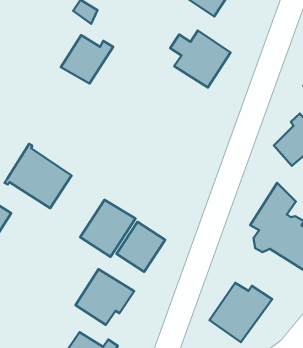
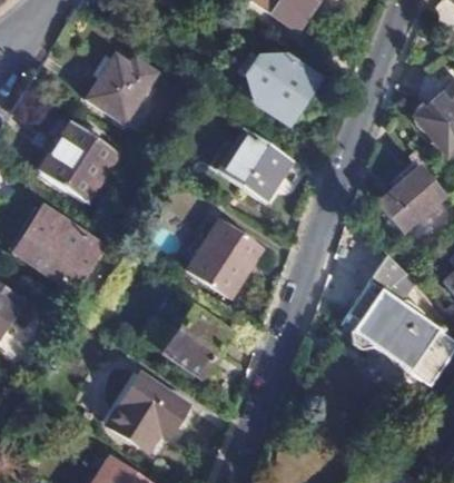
building: none -> [39,119,119,200]
building: none -> [219,127,293,201]
building: [80,200,136,257] -> [189,219,265,297]
building: [209,283,272,342] -> none

